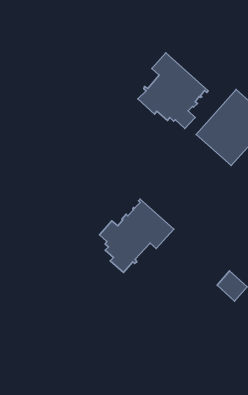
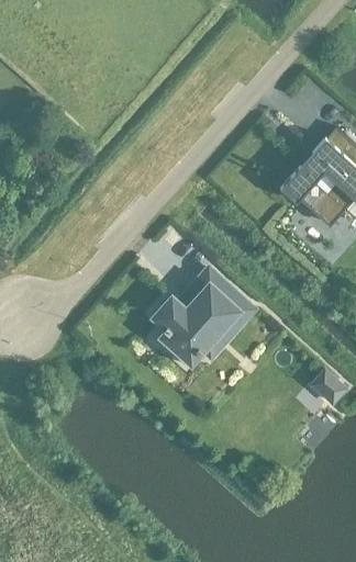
building: [138,53,208,128] -> none

